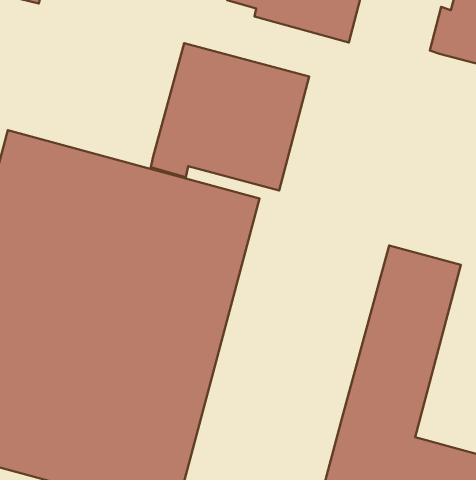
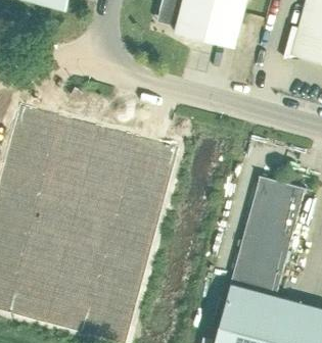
building: [151,43,309,190] -> none

